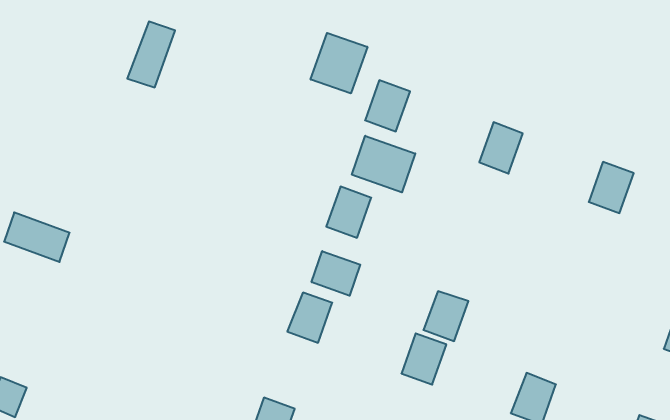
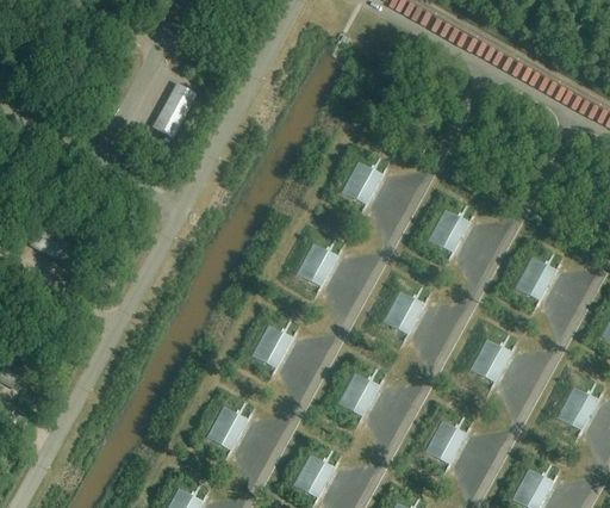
building: [311,33,367,93] -> none
building: [352,136,415,192] -> none
building: [312,251,360,296] -> none
building: none -> [468,337,509,380]
building: [423,291,468,341] -> [384,291,424,334]

